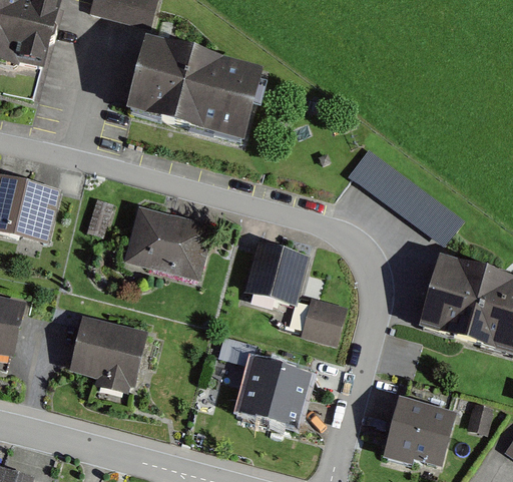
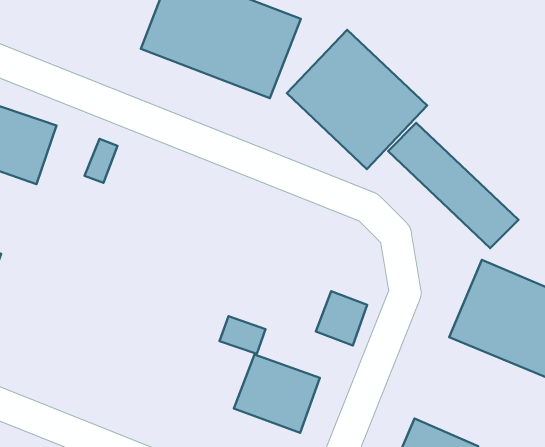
building: none -> [287,30,427,169]
building: [125,208,212,281] -> none
building: [243,246,309,303] -> none
building: [70,317,147,381] -> none

